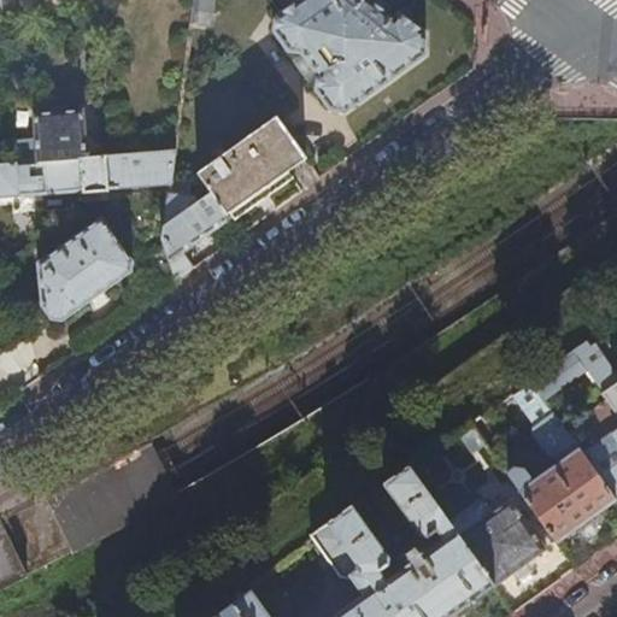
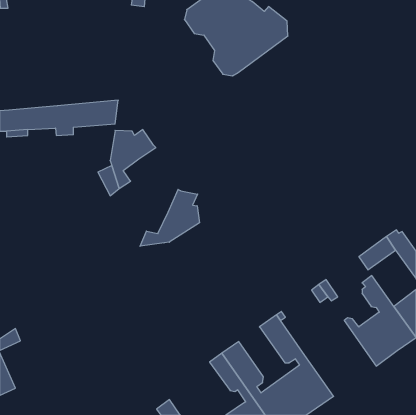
building: [12,110,84,163] -> none
building: [186,117,306,215] -> none
building: [36,216,131,319] -> none
building: none -> [140,189,200,246]
building: [447,499,546,586] -> none

